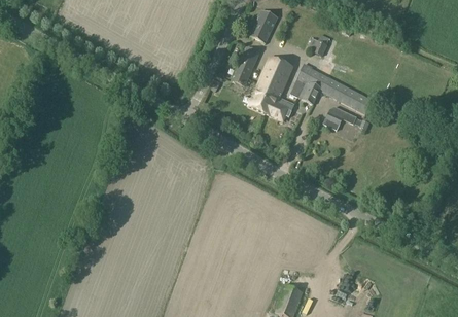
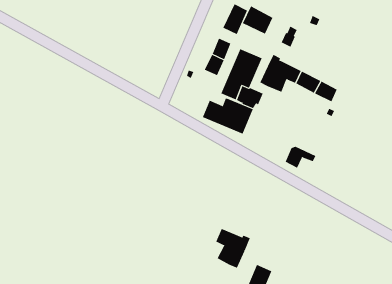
building: none -> [242,6,273,34]
building: [326,105,359,129] -> [285,146,316,169]
building: none -> [202,98,253,134]
building: none -> [215,228,251,269]

